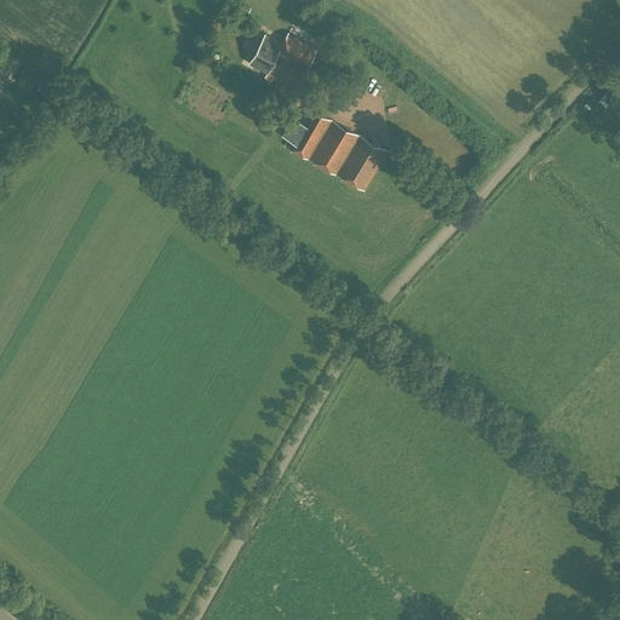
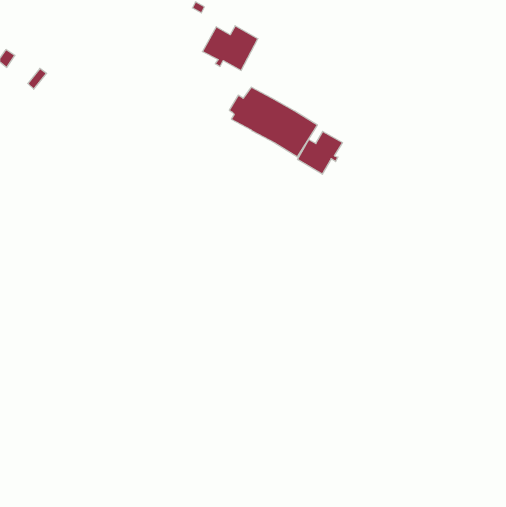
building: none -> [298,131,342,174]

